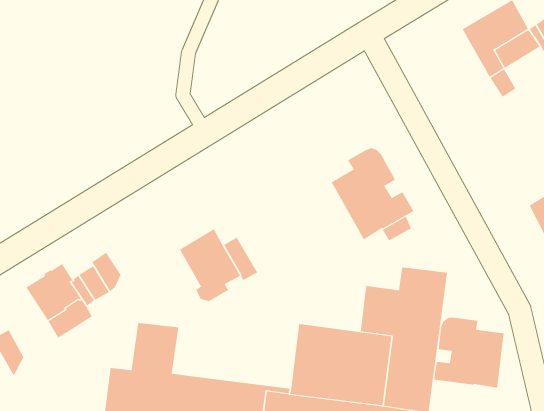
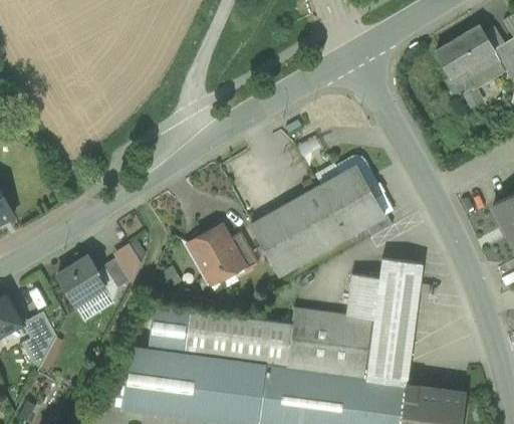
building: none -> [250,185,349,275]
building: [434,317,504,388] -> none
building: none -> [184,310,291,364]

